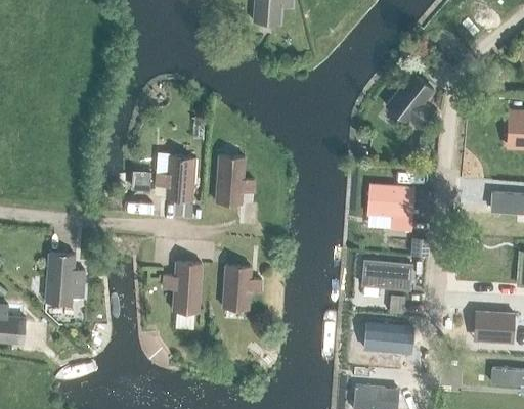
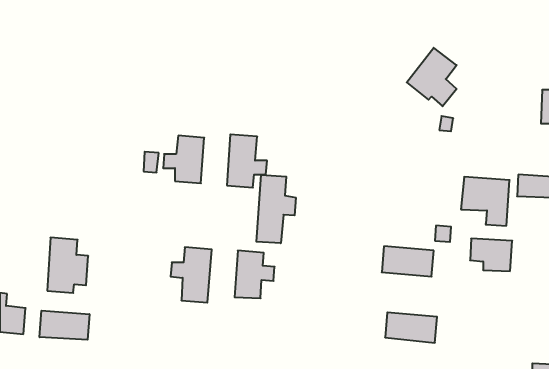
building: [367,185,413,231] -> [461,177,510,226]
building: none -> [256,175,296,243]
building: [474,312,514,343] -> [470,239,512,271]
building: none -> [40,311,89,340]

